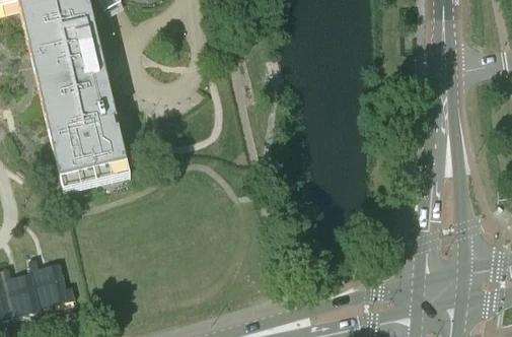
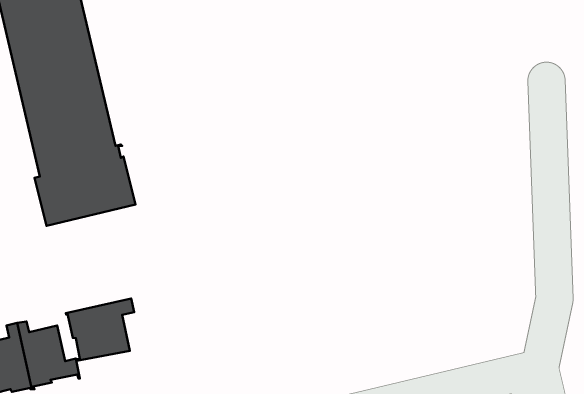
building: none -> [66,298,134,361]

